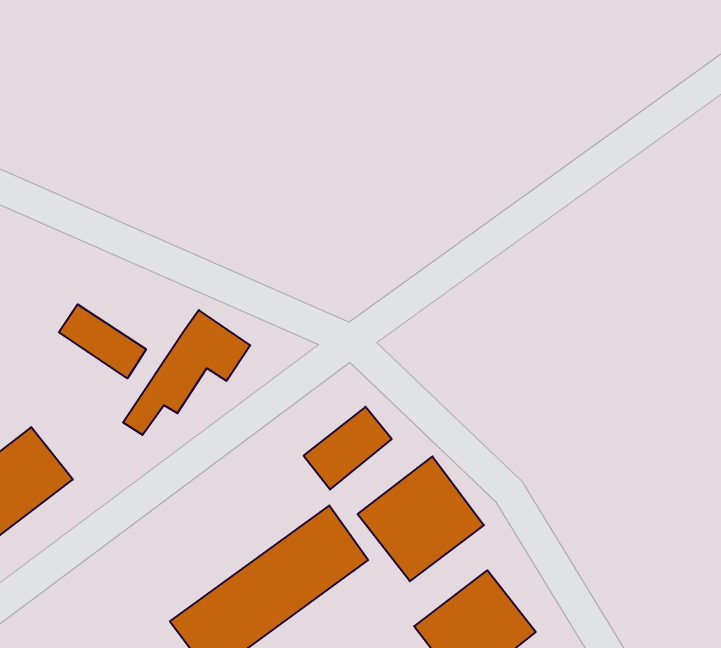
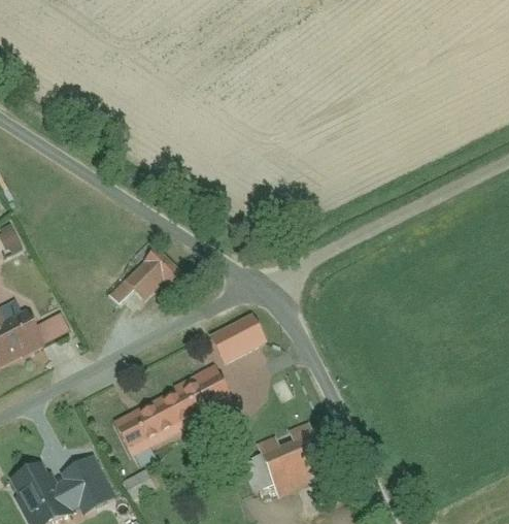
building: [59,304,146,378] -> none
building: [358,456,484,581] -> none

